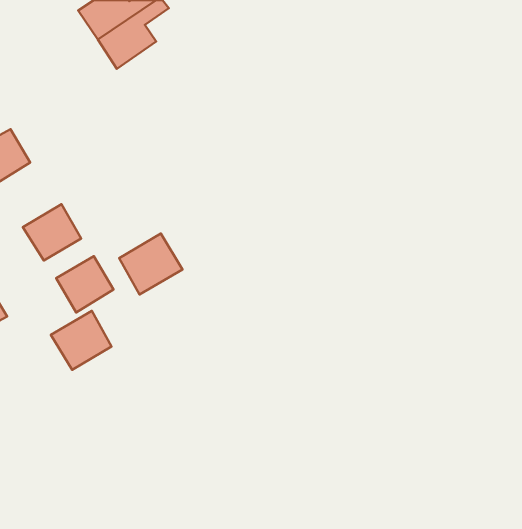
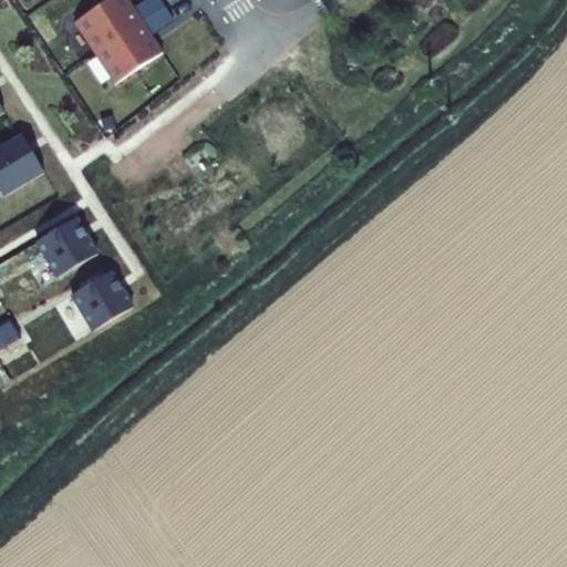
building: [119,234,182,295] -> none
building: [51,311,112,370] -> none

